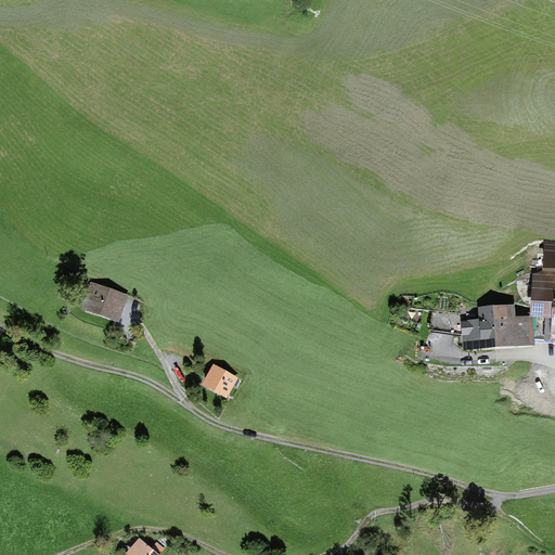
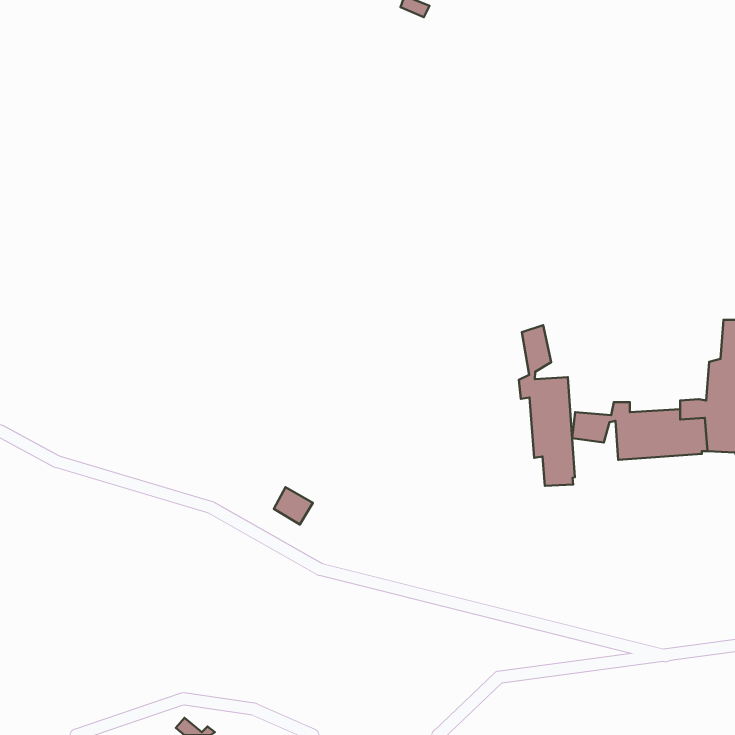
building: none -> [519,325,575,486]
building: [92,285,126,315] -> none

